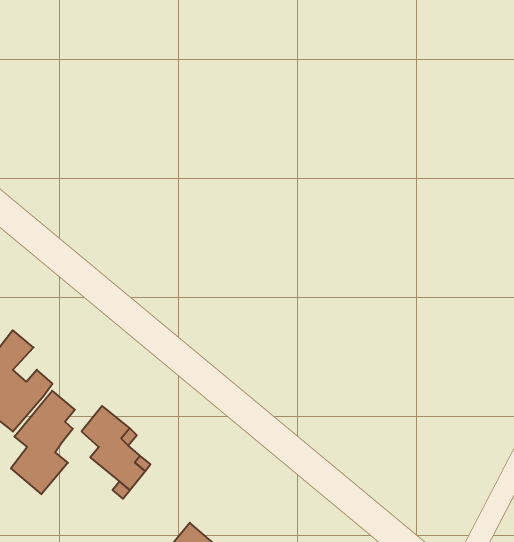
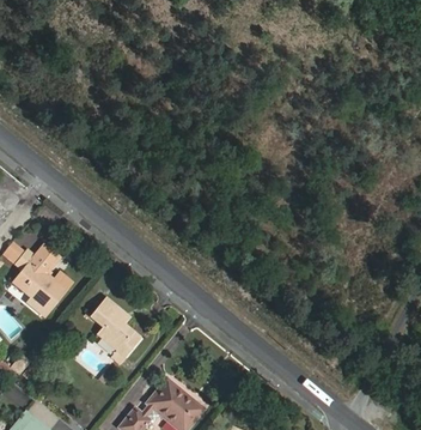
building: [11,391,75,494] -> none

